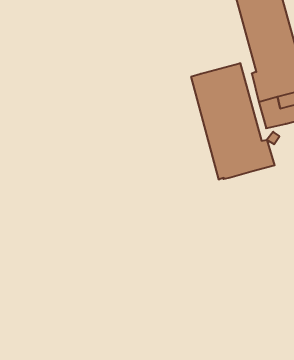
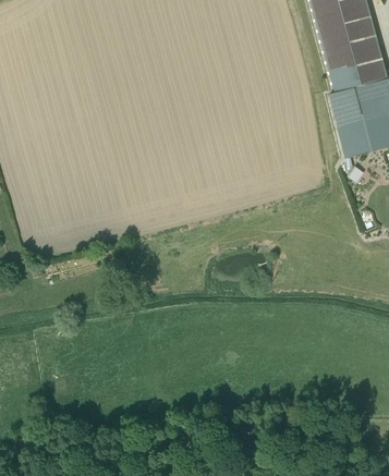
building: [191,63,275,180] -> none

